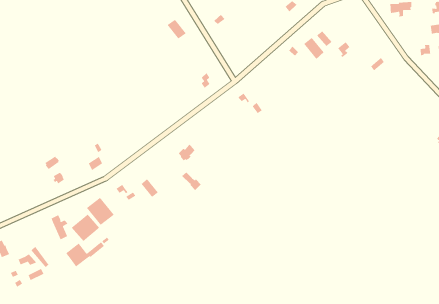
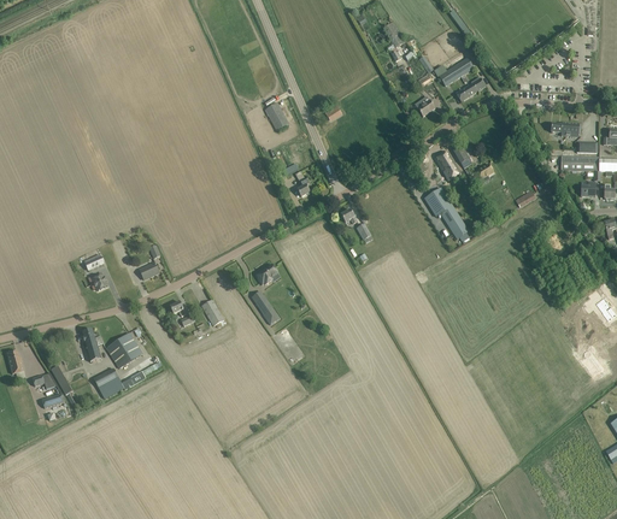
building: none -> [572,142,598,170]
building: none -> [424,189,469,241]
building: [86,197,115,226] -> none

